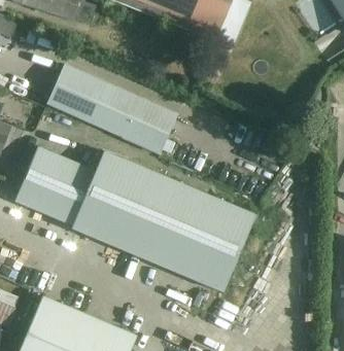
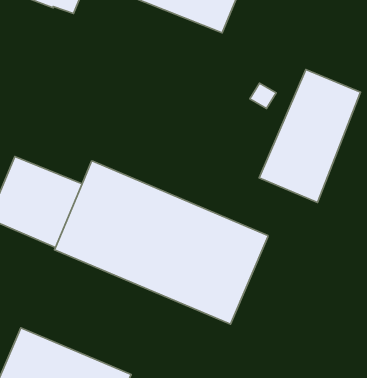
building: [47,65,178,154] -> none
building: none -> [259,69,360,202]

